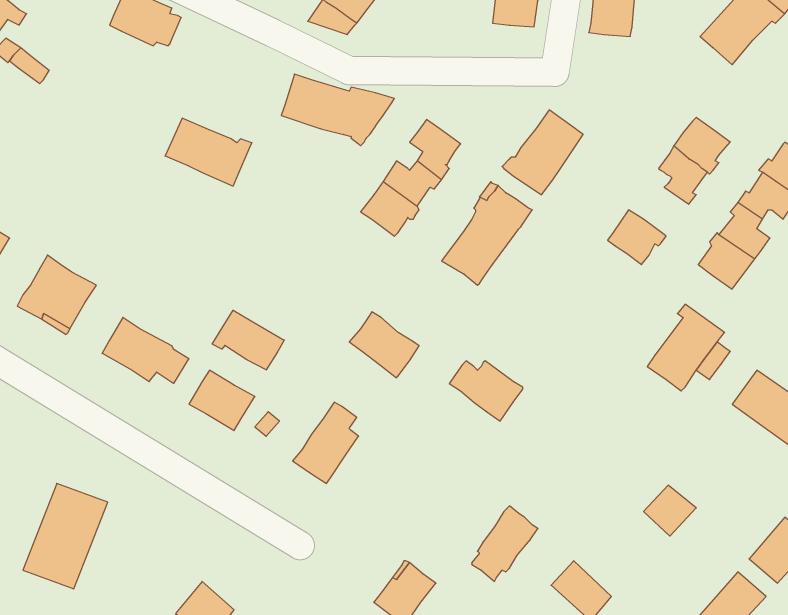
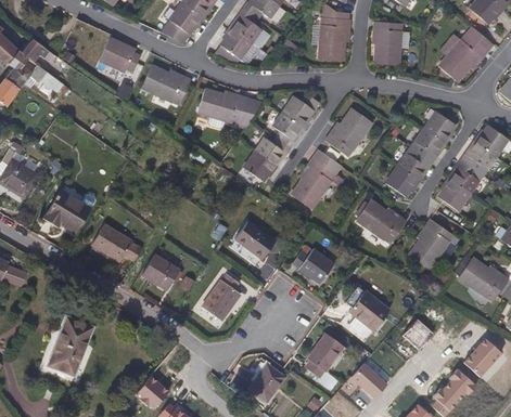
building: none -> [280,94,318,128]
building: [165,118,252,186] -> [140,63,190,102]
building: none -> [396,151,431,178]
building: none -> [354,198,405,243]
building: [212,310,284,370] -> none
building: none -> [347,287,391,330]

